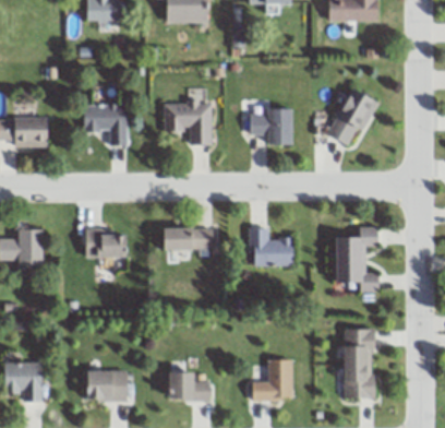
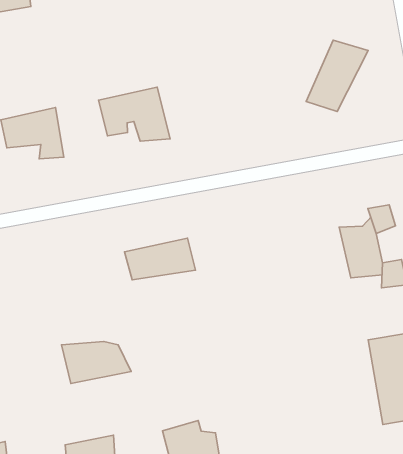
building: [245,106,293,145] -> none
building: [245,225,293,270] -> none
building: [82,226,133,258] -> [62,342,131,383]
building: [248,358,292,402] -> none

